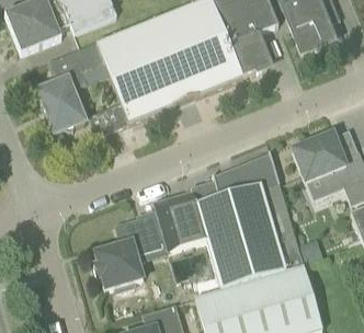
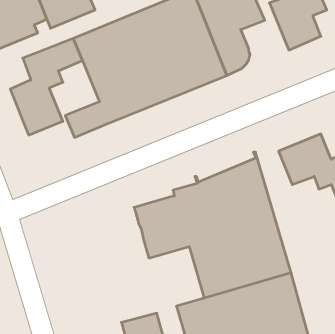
building: [93,210,162,290] -> none

